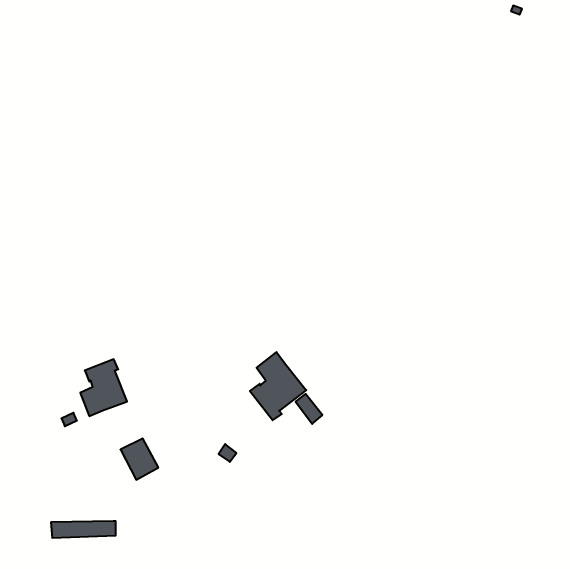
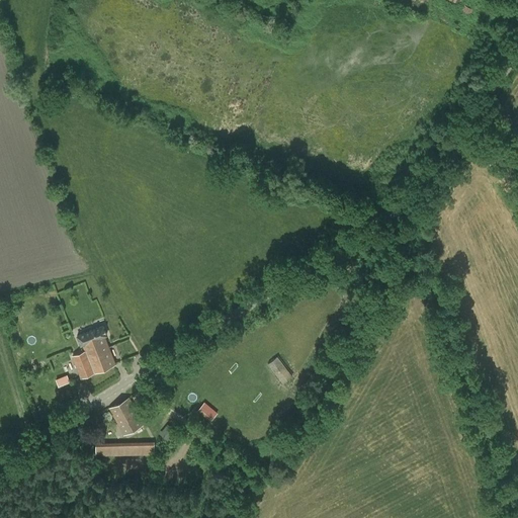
building: [250,352,306,420] -> none
building: [51,521,116,538] -> [95,442,154,457]

